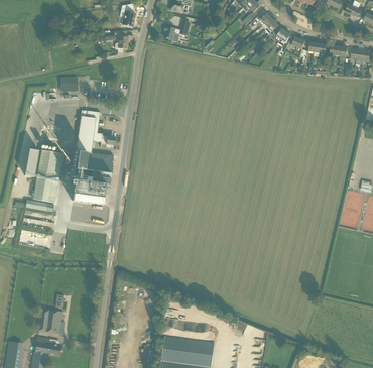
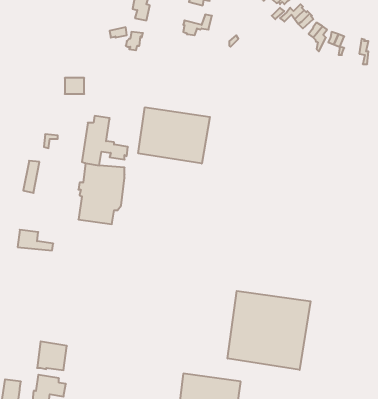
building: none -> [138,107,210,164]
building: [32,148,64,202] -> none
building: none -> [228,291,311,370]

